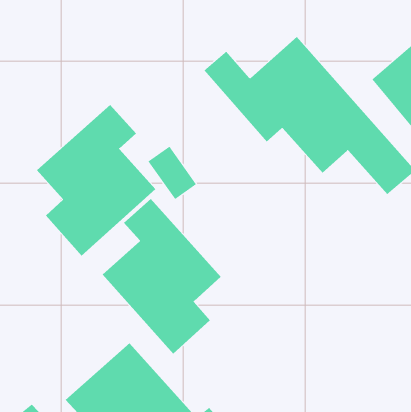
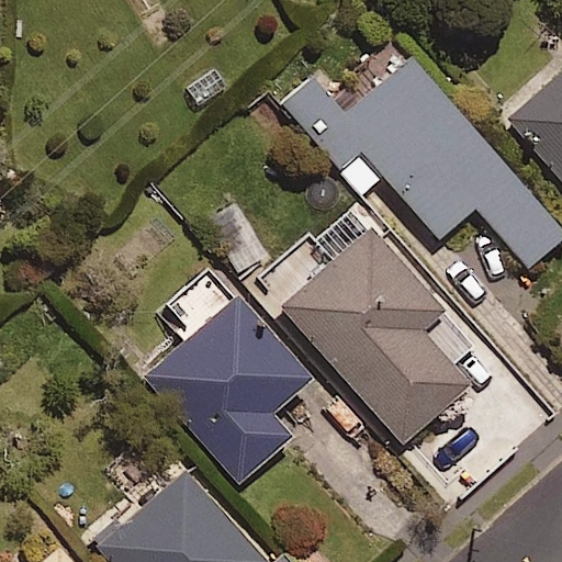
building: [36,104,156,257] -> none
building: none -> [282,210,484,447]

